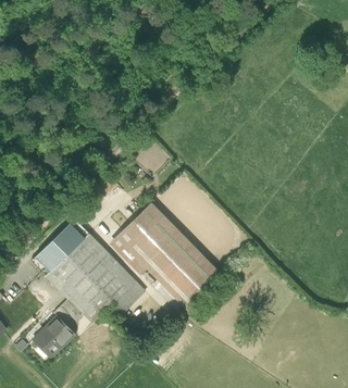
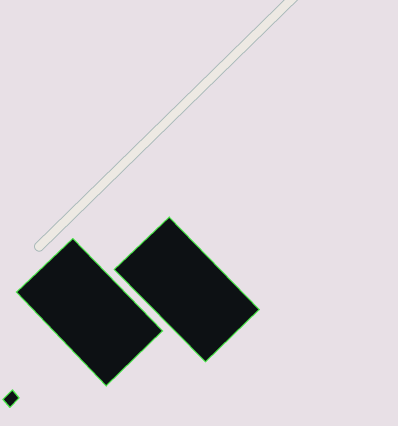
building: [32,314,76,358] -> none

